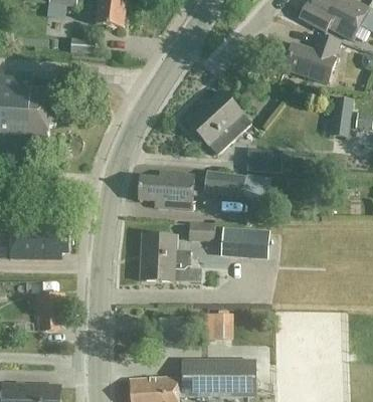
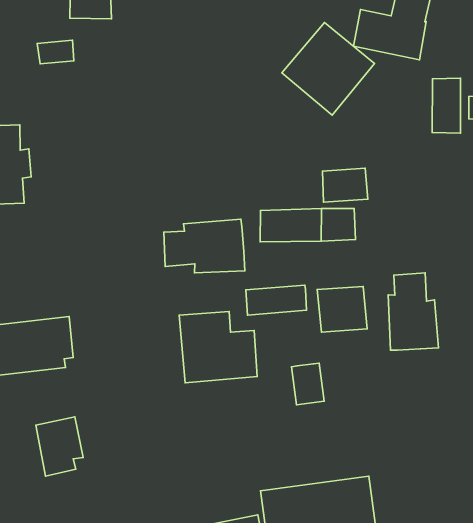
building: [187,90,250,154] -> [282,22,375,115]
building: none -> [388,273,438,350]
building: [213,313,232,339] -> [291,363,324,405]

